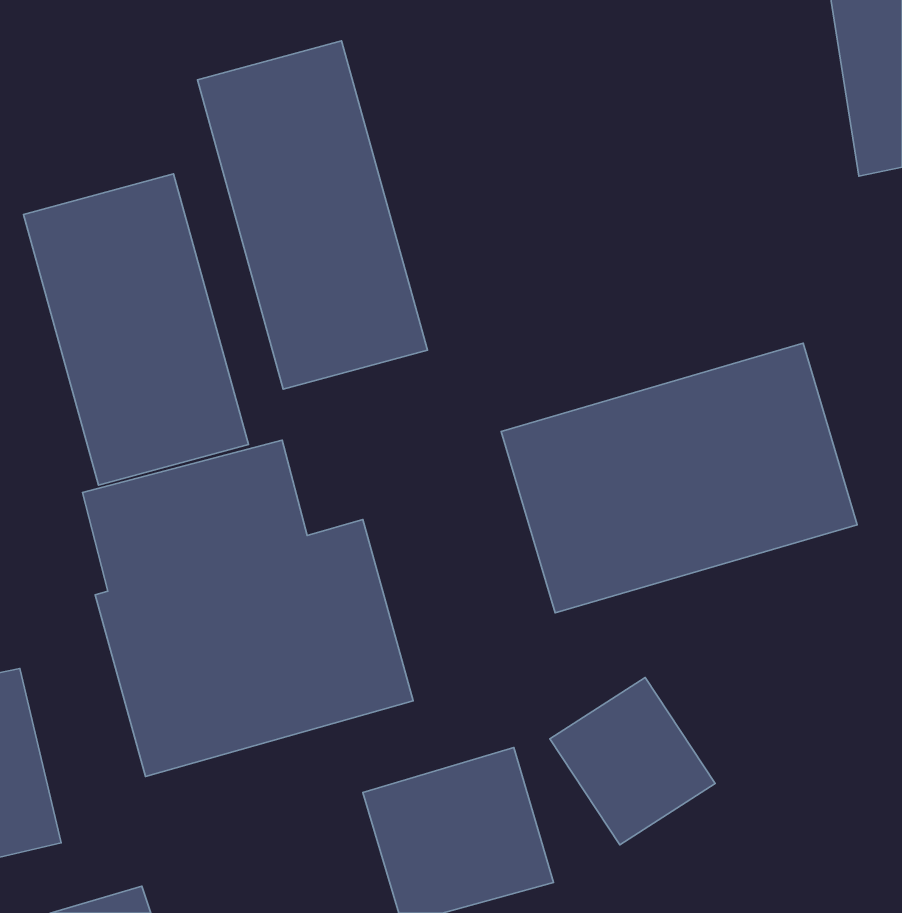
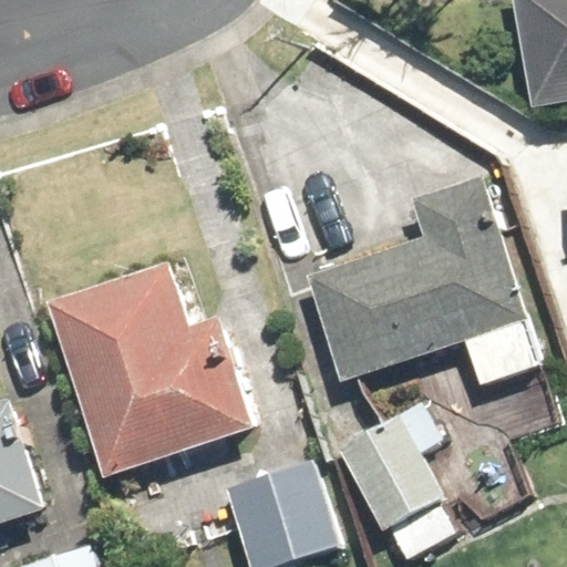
building: [198,41,427,389] -> none
building: [24,174,249,485] -> none

